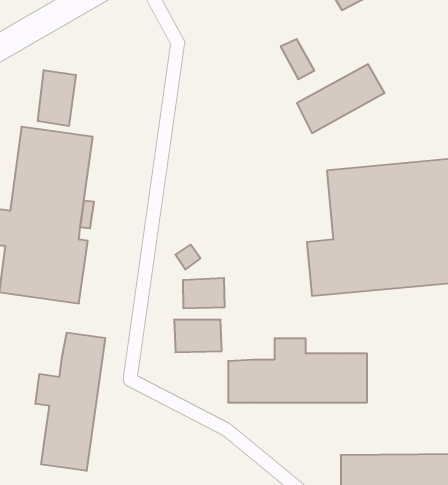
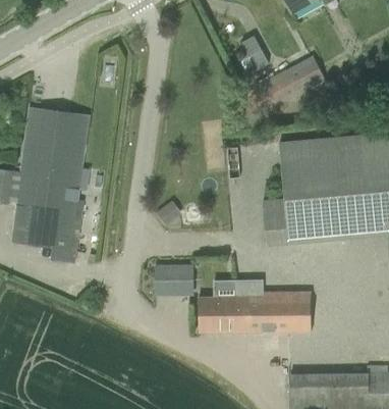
building: [38,70,76,126] -> none
building: [183,278,224,308] -> none
building: [35,333,105,471] -> none

